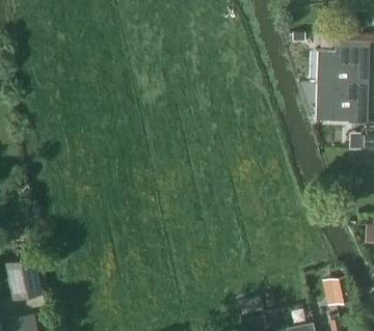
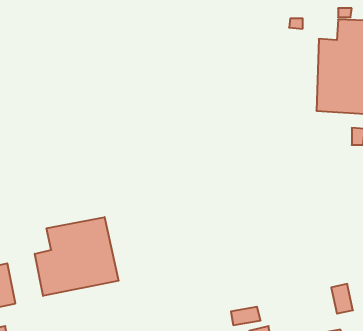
building: none -> [35,217,119,296]

